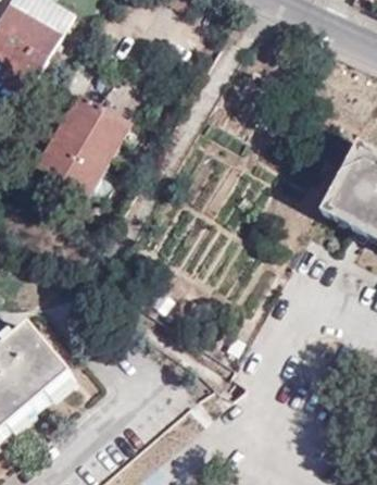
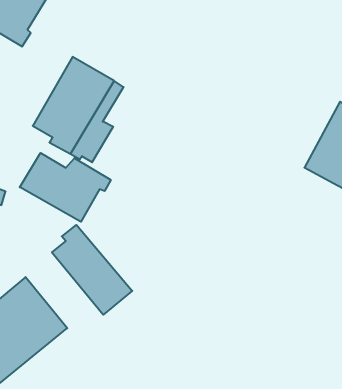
building: none -> [20,153,111,222]
building: none -> [52,225,132,315]

